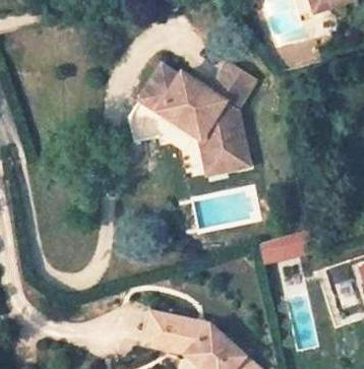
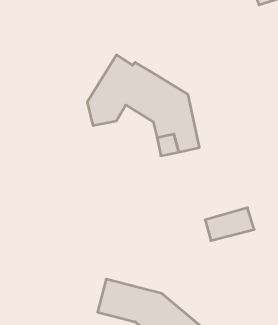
building: [195,64,256,109] -> none

